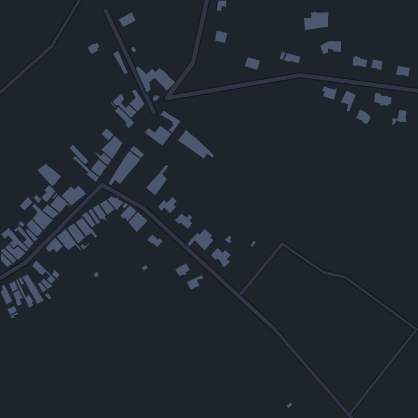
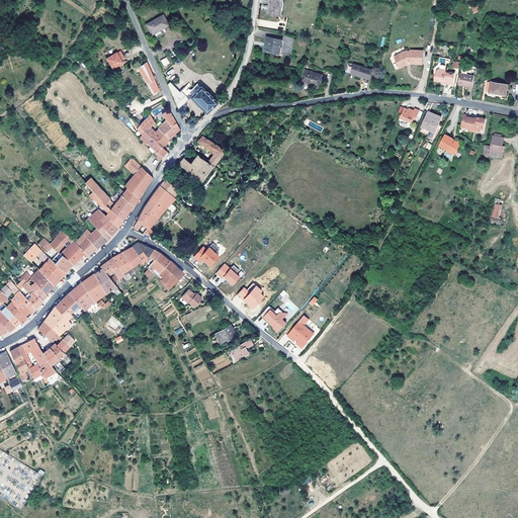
building: [304,11,329,31] -> none
building: [177,129,215,159] -> none
building: [37,163,62,187] -> [88,209,119,240]
building: [145,164,169,196] -> none
building: none -> [45,307,73,335]
building: none -> [287,316,312,348]

